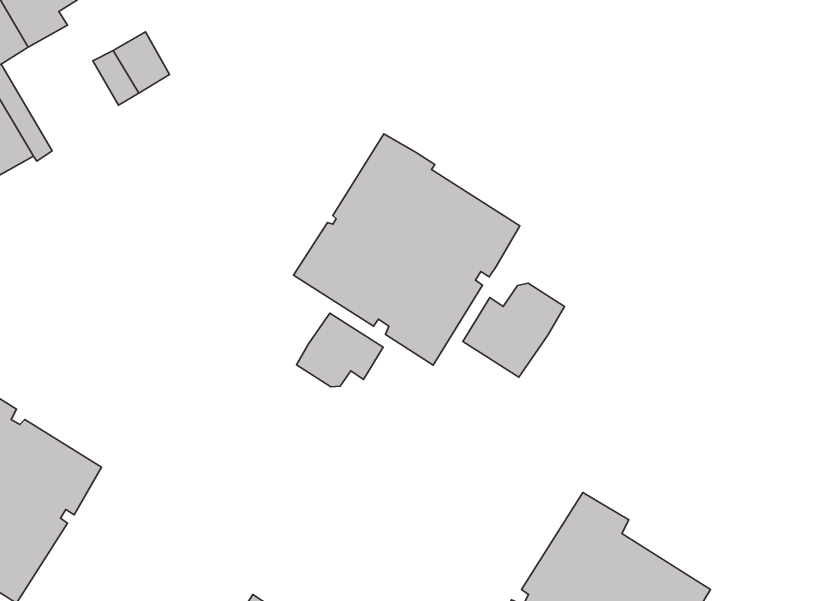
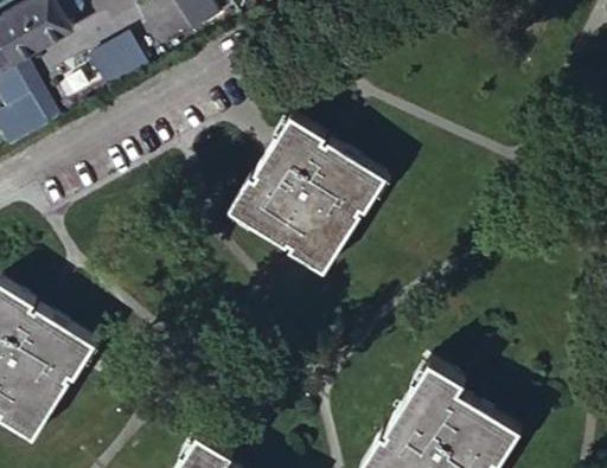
building: [463,283,565,377] -> none
building: [296,313,383,387] -> none

